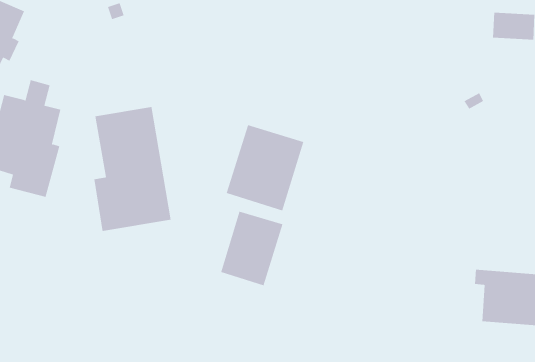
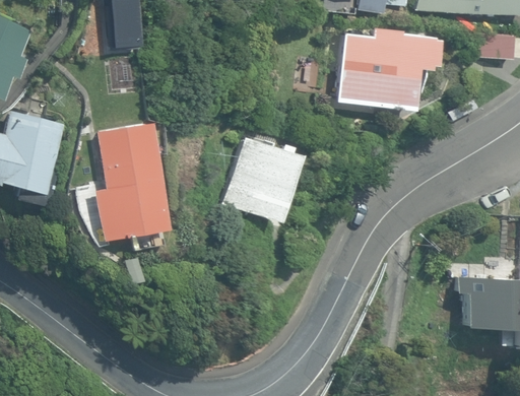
building: none -> [337,27,437,111]
building: [221,211,283,286] -> none

